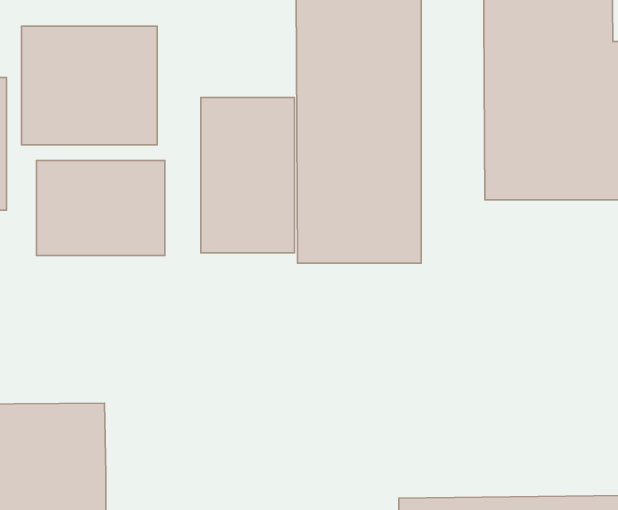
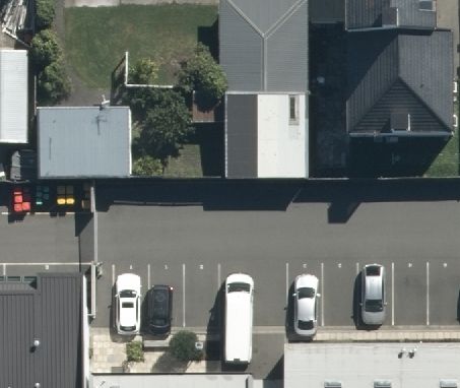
building: [21,26,157,145] -> none
building: [201,98,294,253] -> none

